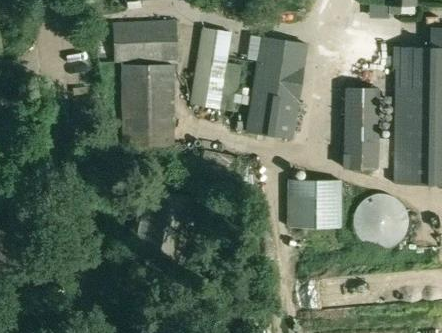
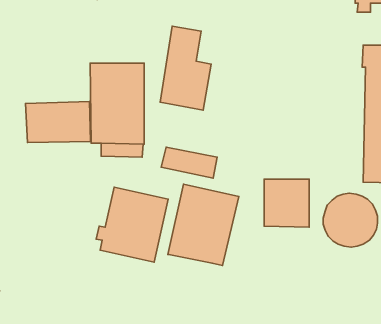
building: [112,21,177,62] -> [25,102,90,143]
building: [247,36,305,138] -> none
building: [342,87,379,168] -> none
building: none -> [168,184,239,266]

